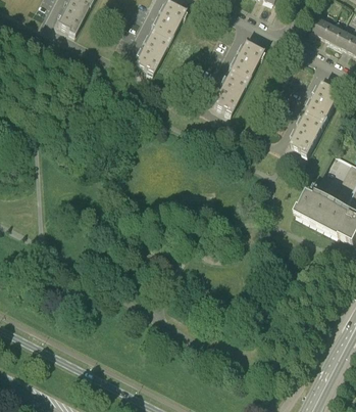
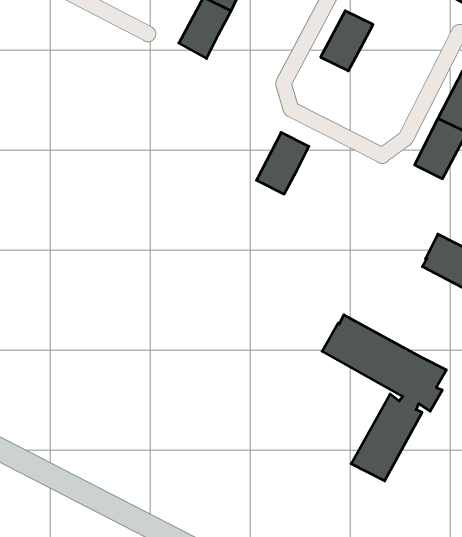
building: [211,73,246,113] -> [256,132,309,194]
building: none -> [322,315,446,481]

